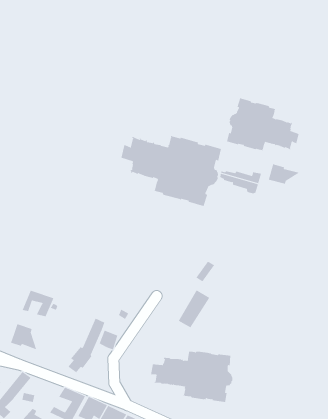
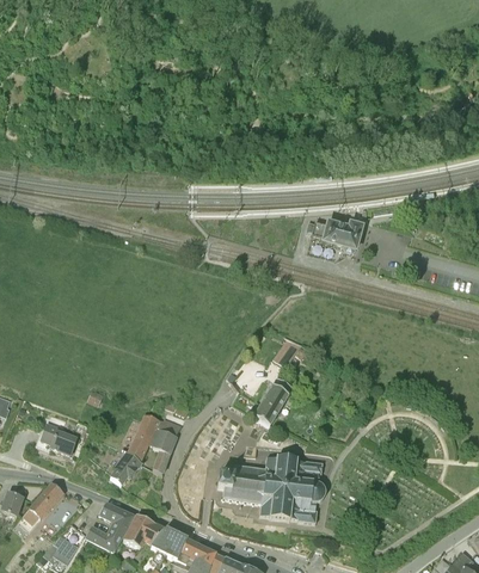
building: [227,98,299,152] -> none
building: [121,135,221,207] -> none
building: [268,163,301,185] -> none
building: [22,290,54,317] -> none

